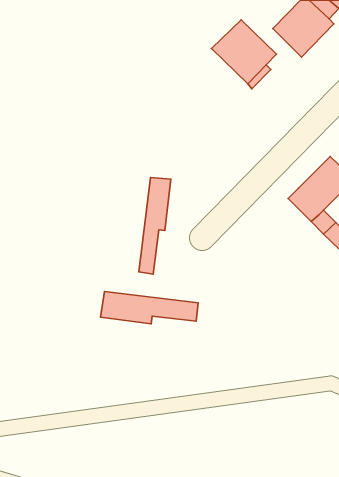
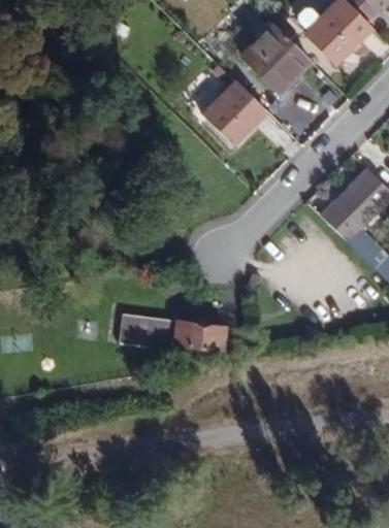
building: none -> [202,80,267,144]
building: [139,177,171,274] -> none

